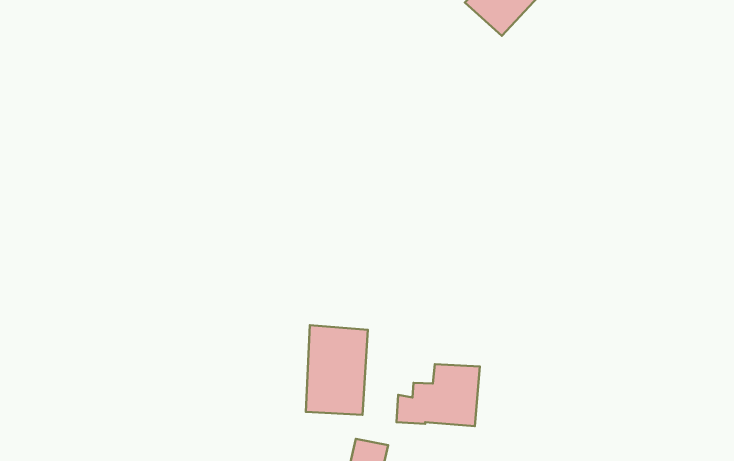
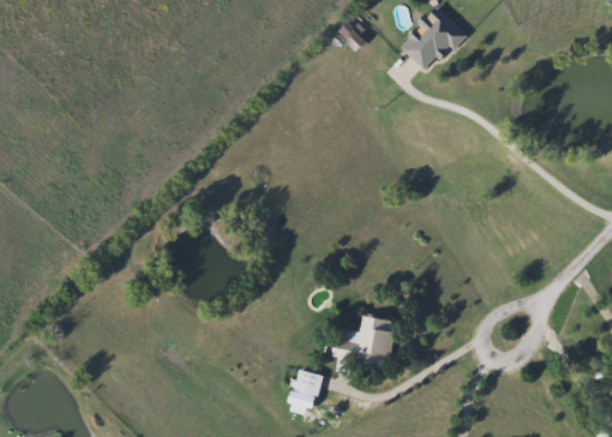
building: [306,325,368,415] -> none

